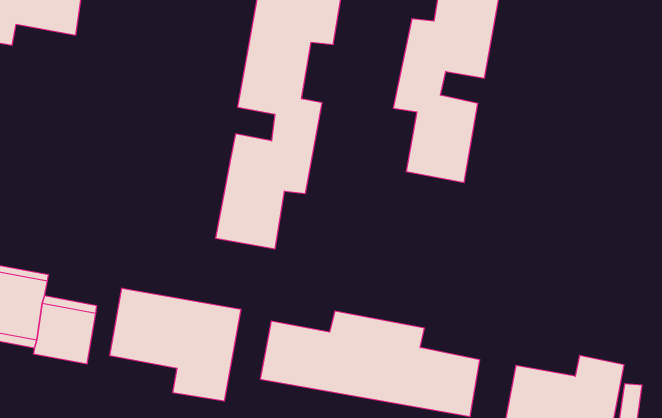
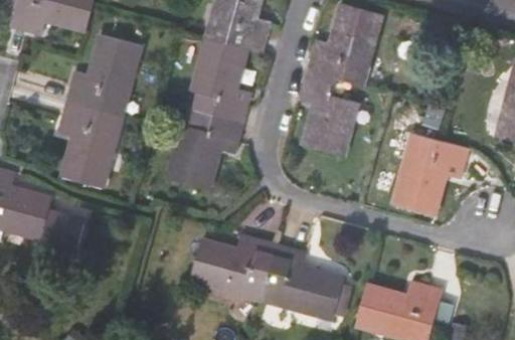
building: none -> [57,35,141,188]
building: none -> [393,135,468,215]
building: [110,288,241,401] -> none

